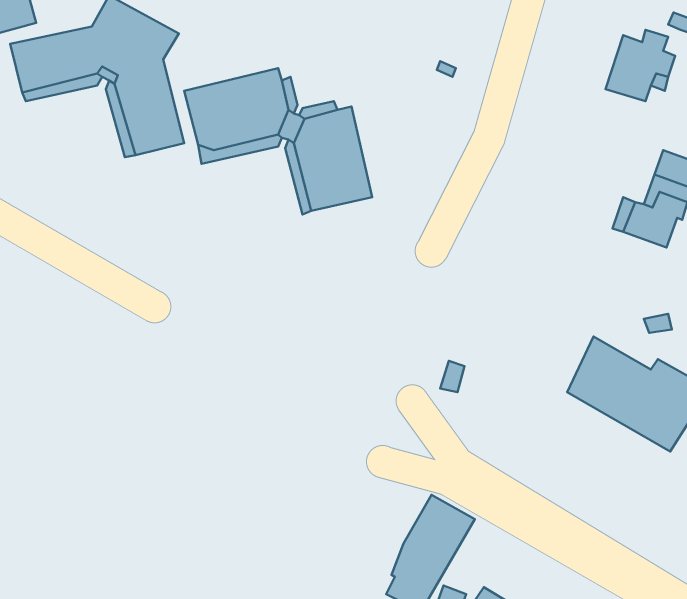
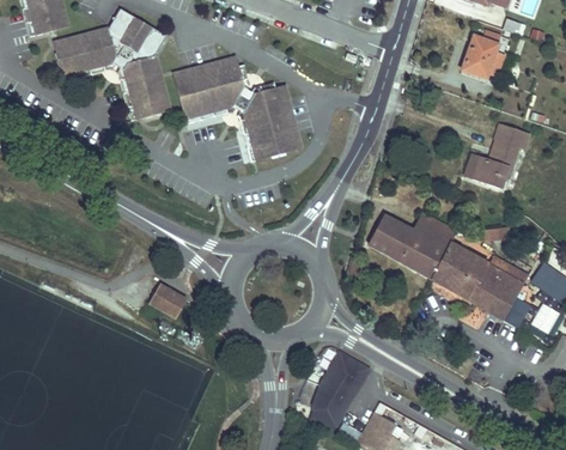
building: none -> [371,213,456,280]
building: none -> [147,281,188,318]

